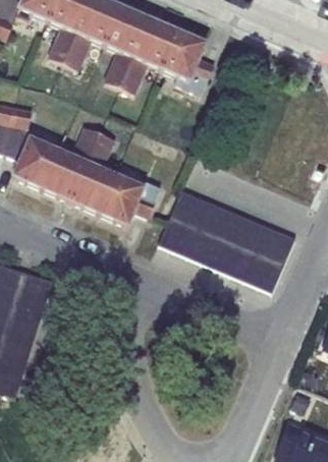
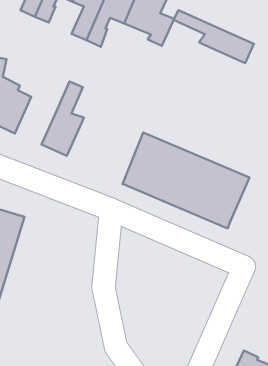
building: none -> [174,10,254,63]
building: [42,125,101,201] -> none
building: [98,172,161,226] -> none

